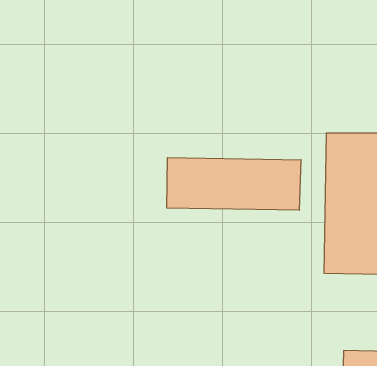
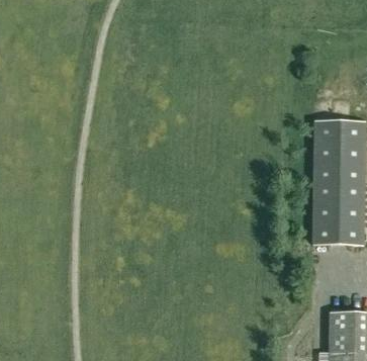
building: [167,158,301,210] -> none

